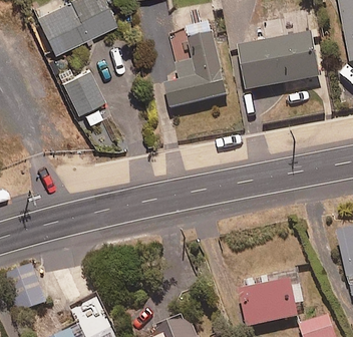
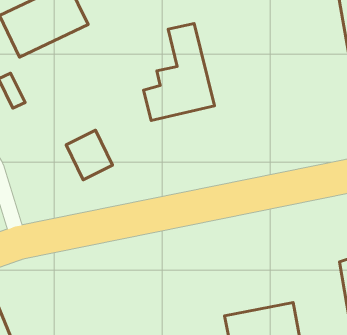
building: [239,36,321,93] -> none
building: [62,71,103,115] -> [66,130,112,180]

